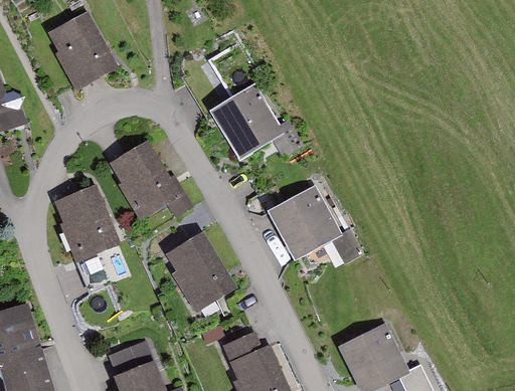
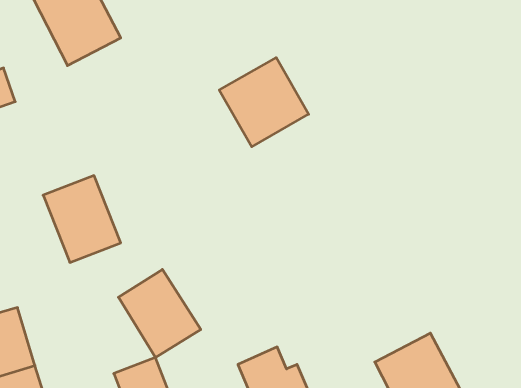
building: [108,142,181,223] -> none
building: [264,187,342,265] -> none
building: [162,234,233,311] -> [118,269,201,357]

